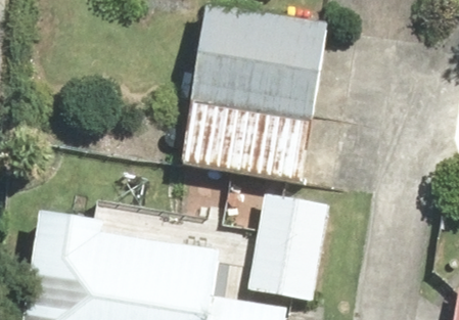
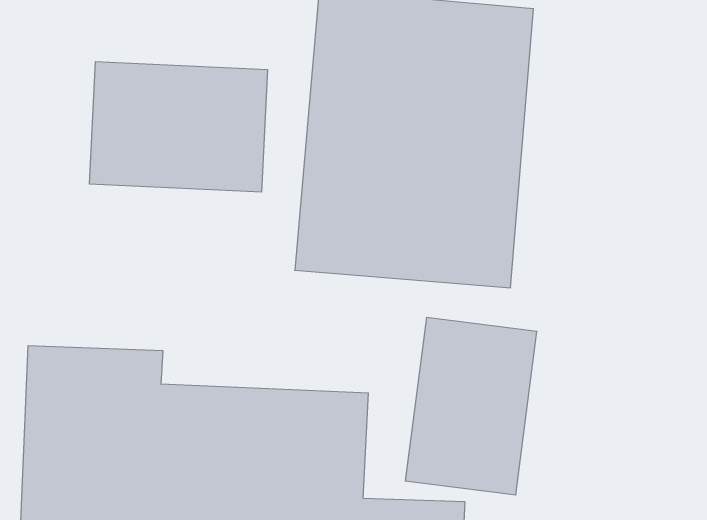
building: none -> [90,62,267,192]

